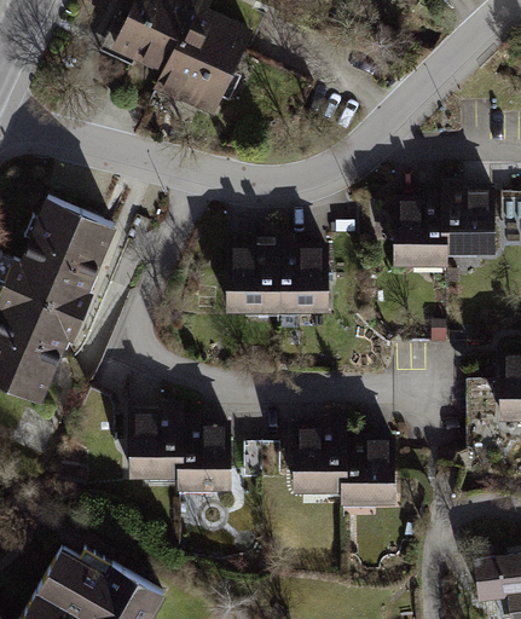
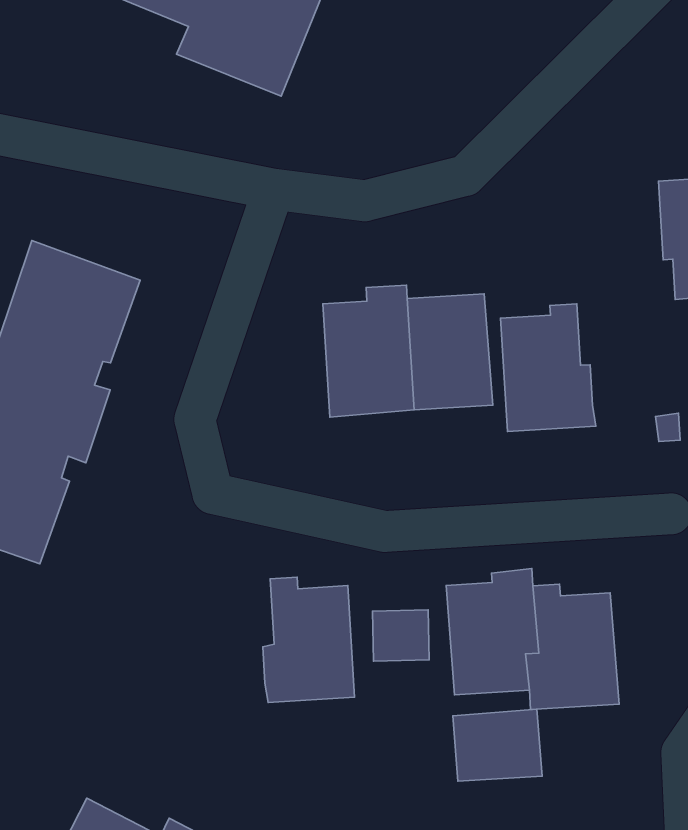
building: [394,193,450,271] -> [501,304,596,431]
building: [129,406,184,482] -> none
building: none -> [453,709,542,781]

